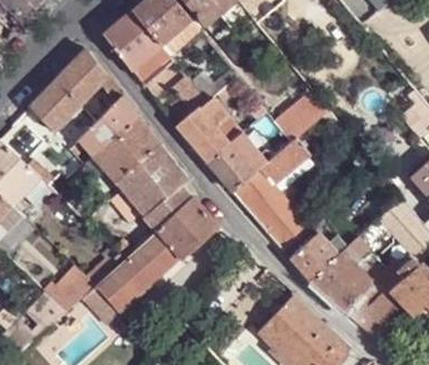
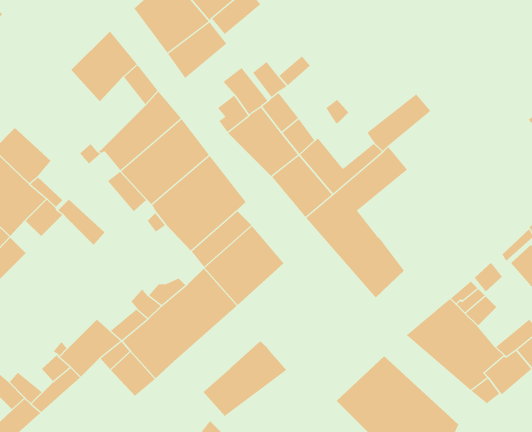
building: [29,79,78,131] -> none
building: [289,232,337,279] -> none
building: none -> [203,340,287,417]

